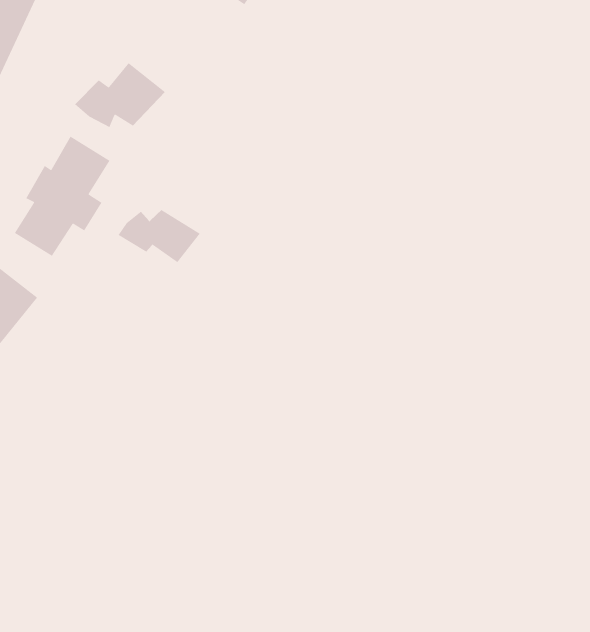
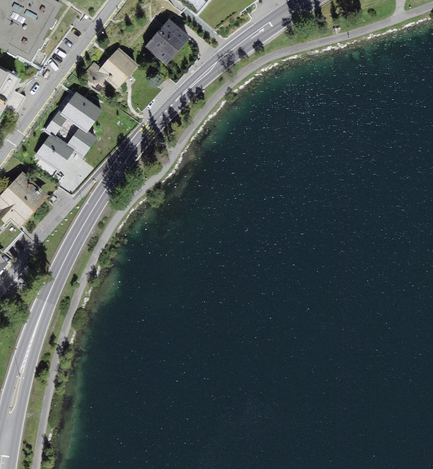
building: none -> [141,14,190,64]
building: [117,209,201,263] -> none

